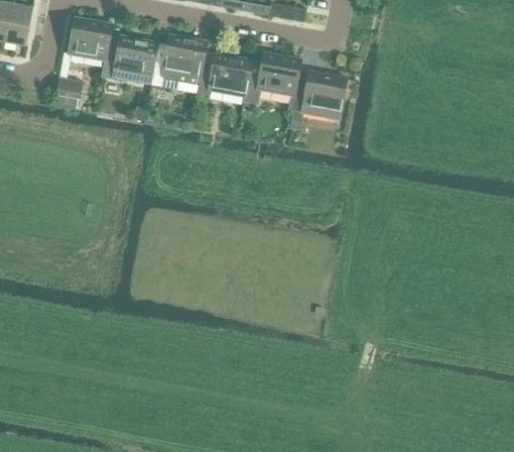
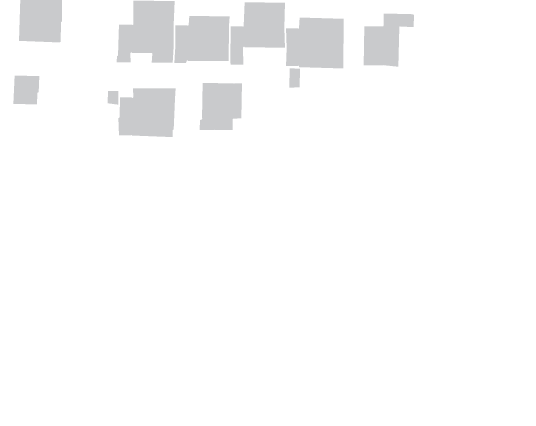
building: [101,36,156,84] -> [118,88,176,137]
building: none -> [363,13,414,67]
building: none -> [199,82,242,131]

